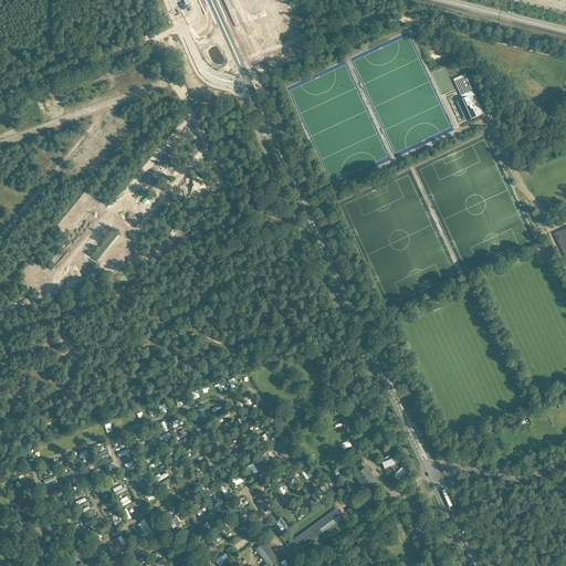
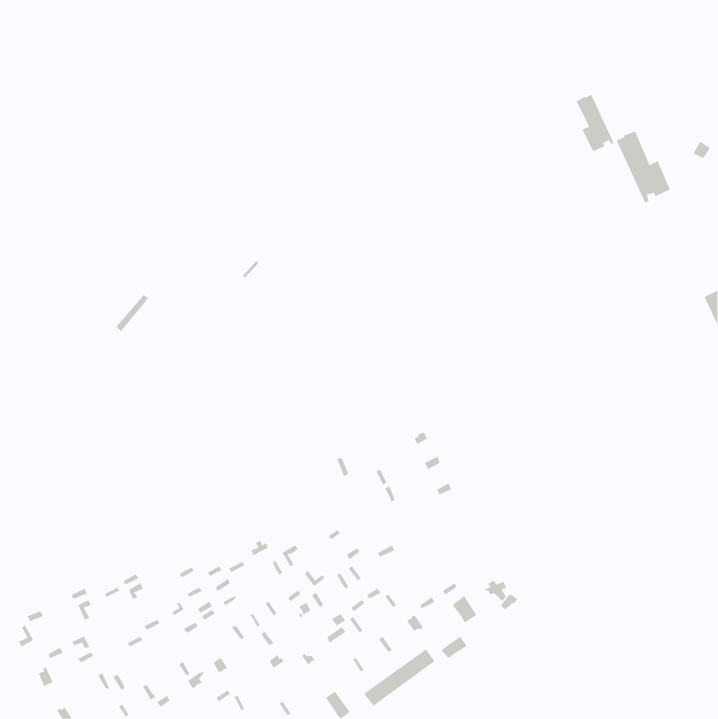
building: none -> [615,131,671,207]

